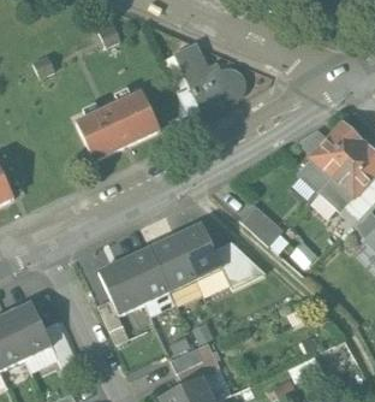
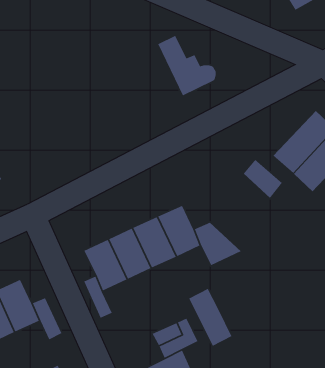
building: [77,90,160,158] -> none
building: [239,202,281,244] -> [243,159,283,199]
building: none -> [188,288,233,347]

